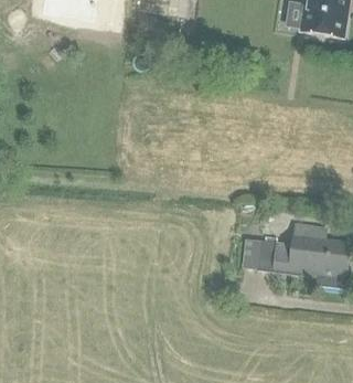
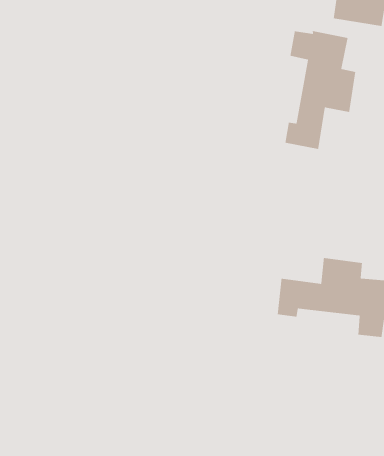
building: none -> [285,30,356,150]

